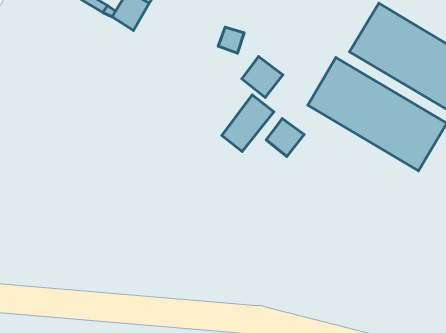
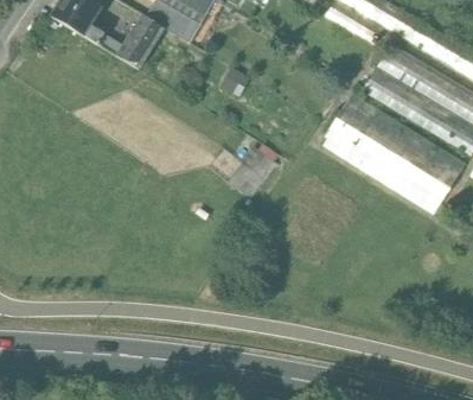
building: [242,57,283,97] -> none
building: [266,118,304,156] -> none

